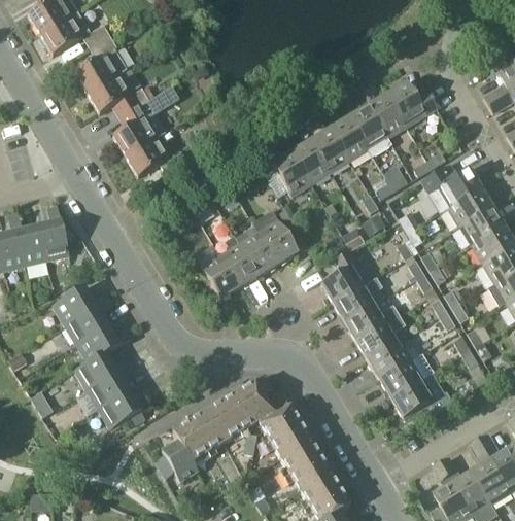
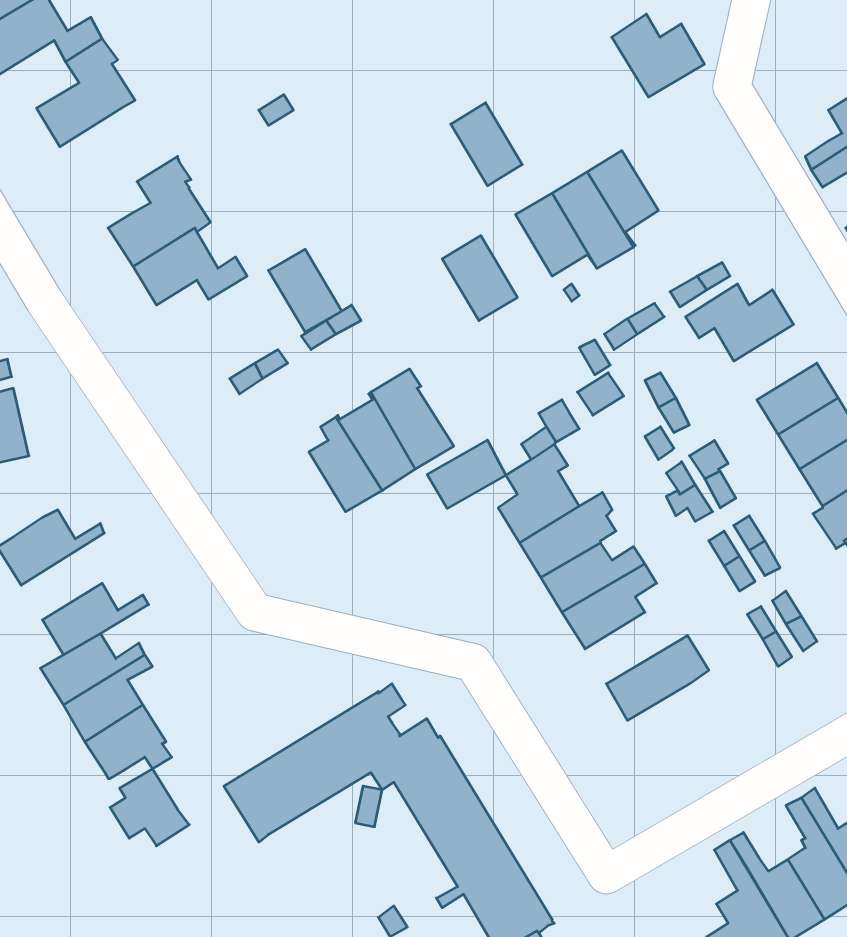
building: [87,71,149,112] -> none
building: [386,81,436,126] -> [612,14,704,97]
building: [311,128,349,172] -> [451,103,522,186]
building: [271,151,310,196] -> [268,249,342,332]
building: [441,186,490,228] -> none
building: none -> [427,440,506,508]
building: [200,254,239,299] -> none
building: [66,298,113,344] -> none
building: [367,340,418,378] -> none
building: [389,378,452,419] -> none
building: [157,441,199,482] -> [110,769,189,846]

